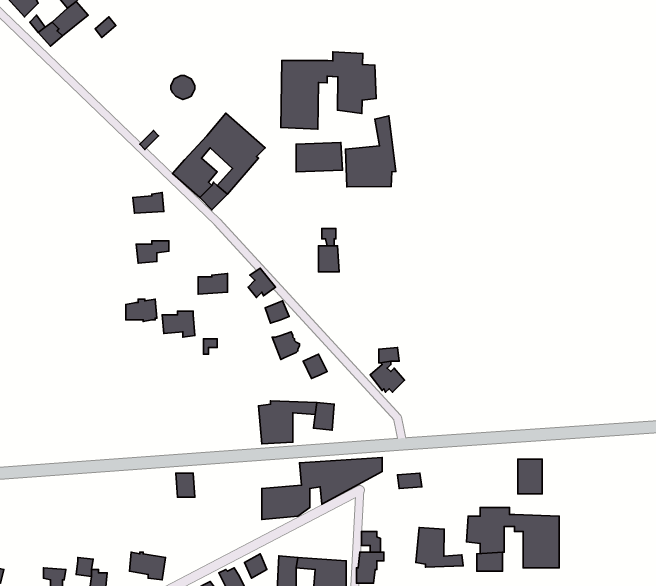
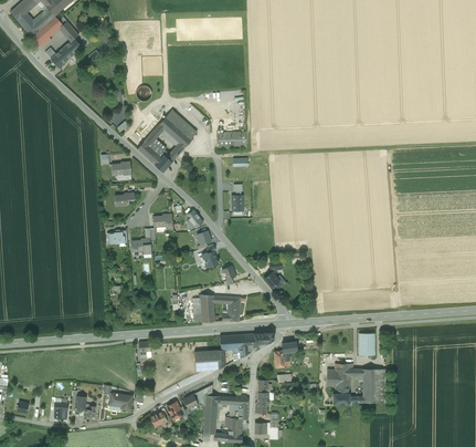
building: [281,52,376,129] -> none
building: [345,116,396,187] -> none
building: [416,528,463,567] -> none

